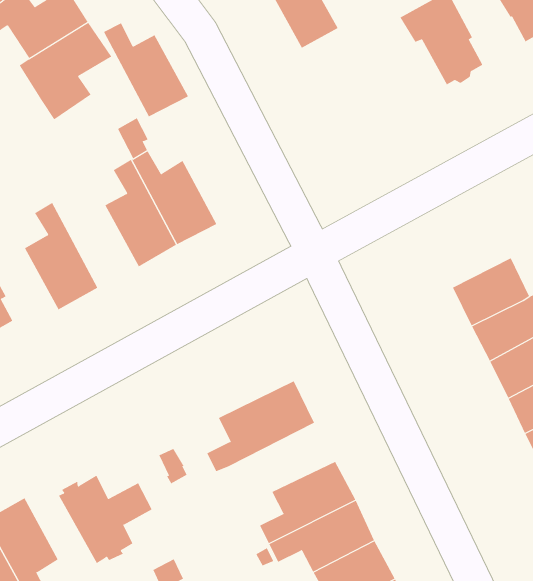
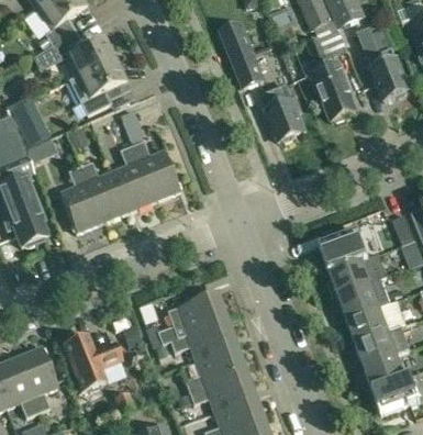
building: [103,23,189,117] -> [79,159,127,220]
building: none -> [264,85,303,141]
building: none -> [169,319,235,358]

